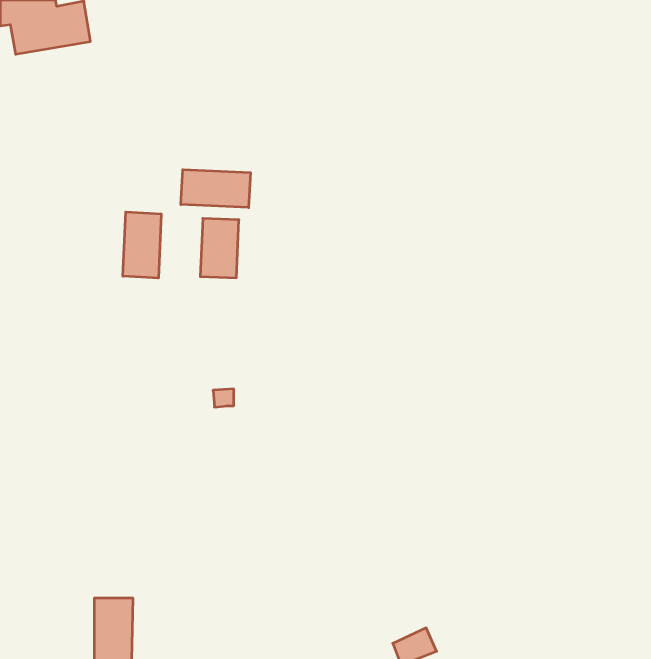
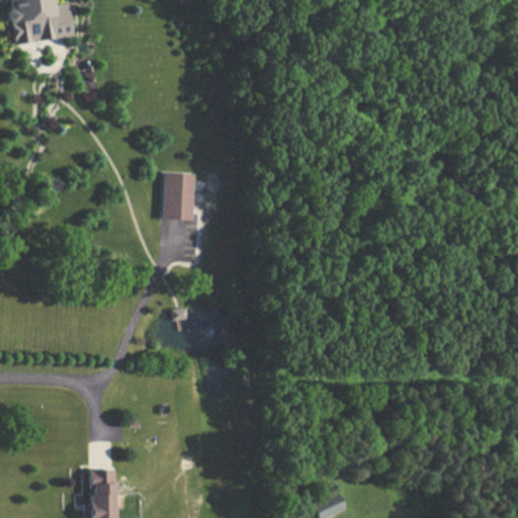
building: [181,170,250,208] -> none
building: [123,212,161,278] -> none

